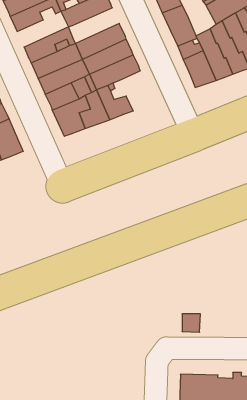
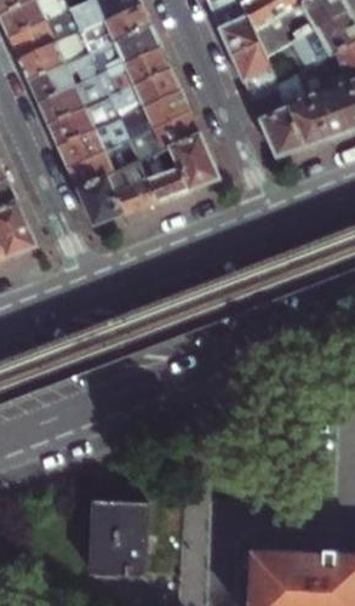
building: none -> [104,46,168,96]
building: none -> [27,51,98,101]
building: none -> [168,133,218,189]
building: none -> [90,501,147,576]

